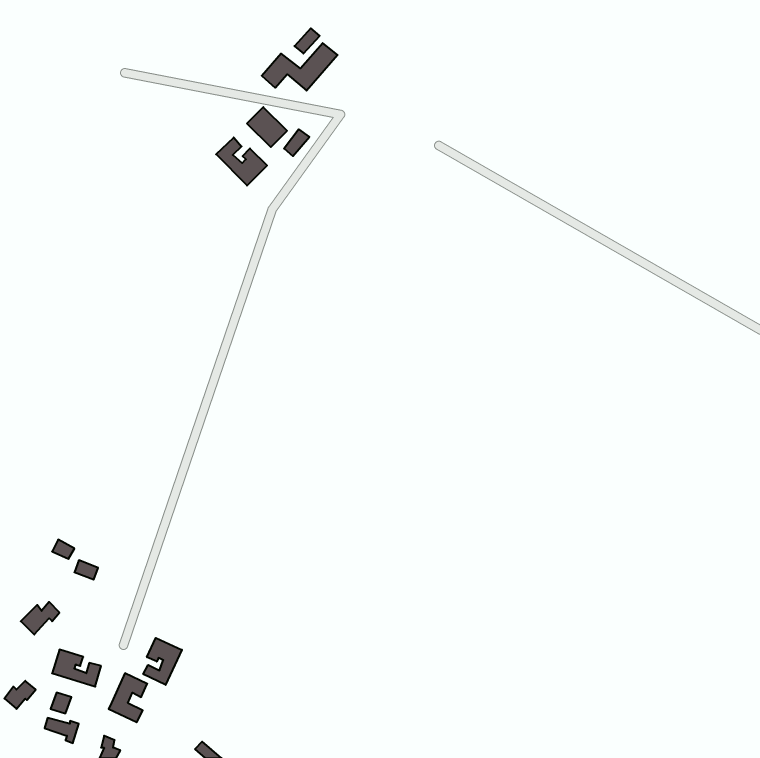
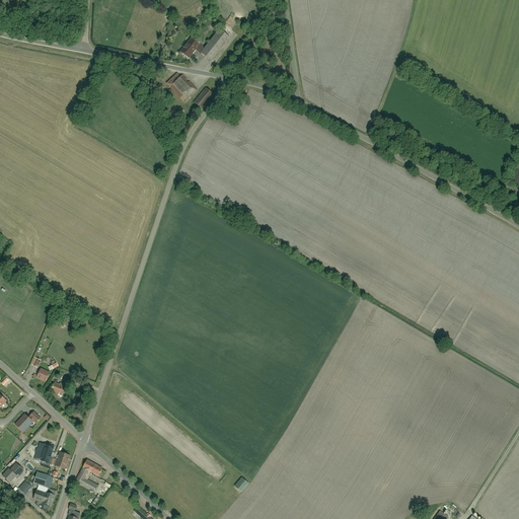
building: [216,137,267,186] -> none
building: [143,638,182,685] -> none

